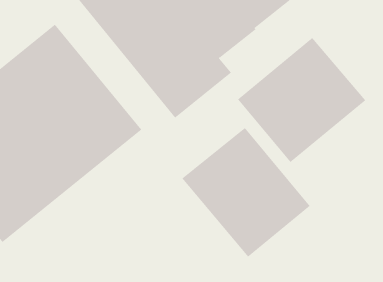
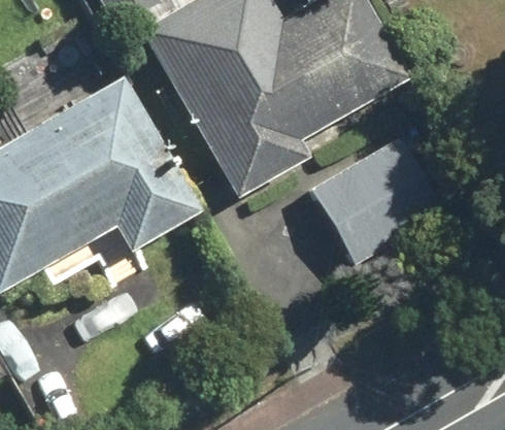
building: [182,127,310,258] -> none

